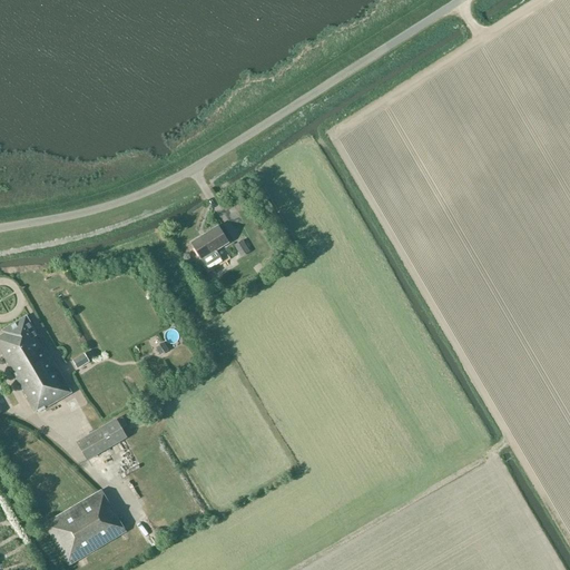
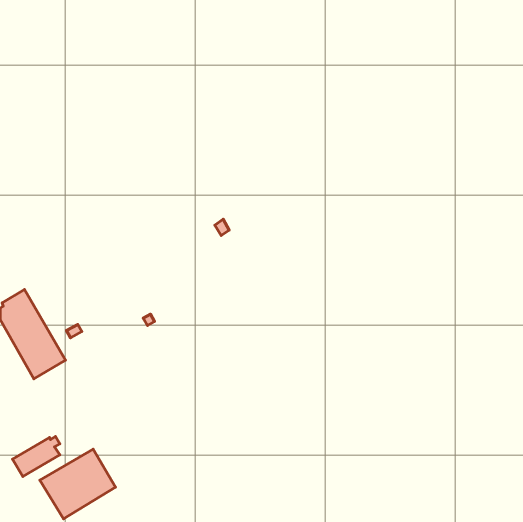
building: [193,225,228,266] -> none
building: [76,416,127,460] -> [13,437,60,476]

